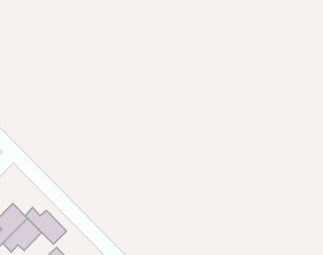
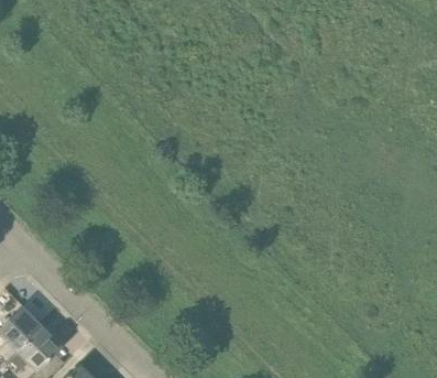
building: [25,207,66,244] -> none

